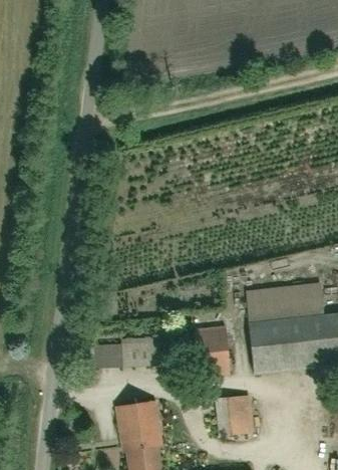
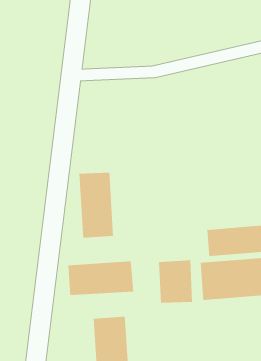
building: none -> [79,172,114,239]
building: [219,398,255,438] -> none

